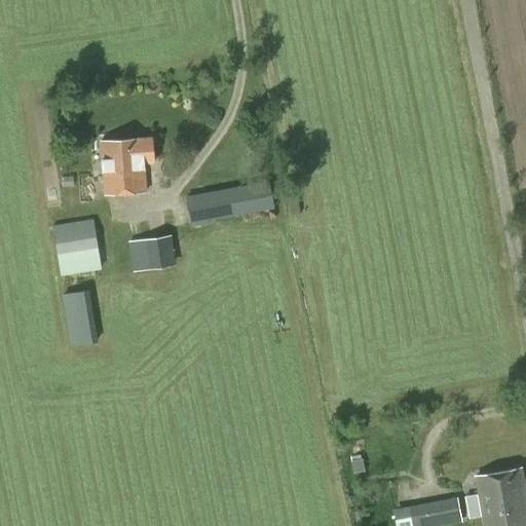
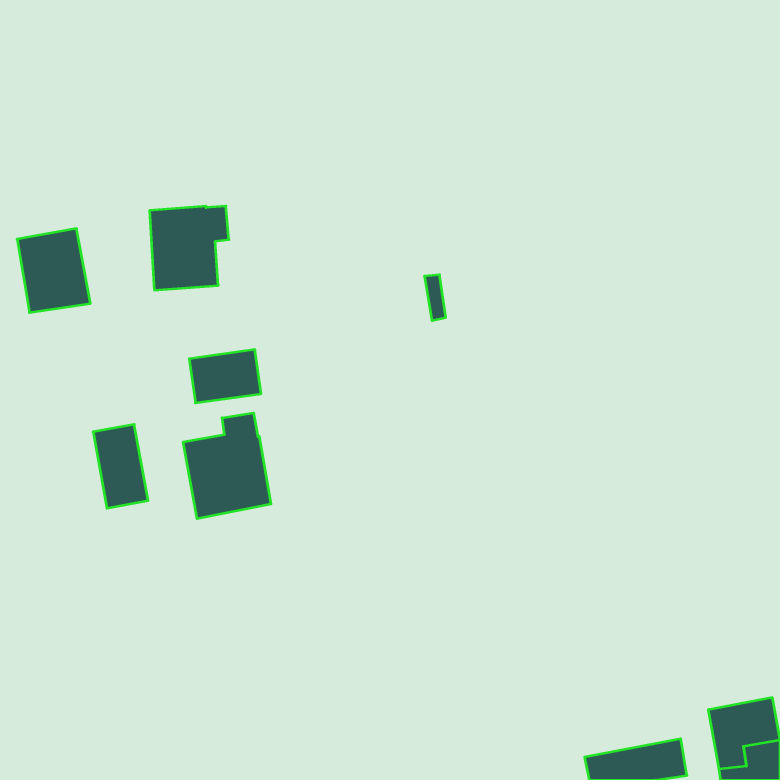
building: [186,179,286,228] -> none
building: [52,219,102,275] -> [17,229,90,313]
building: none -> [183,413,271,519]

